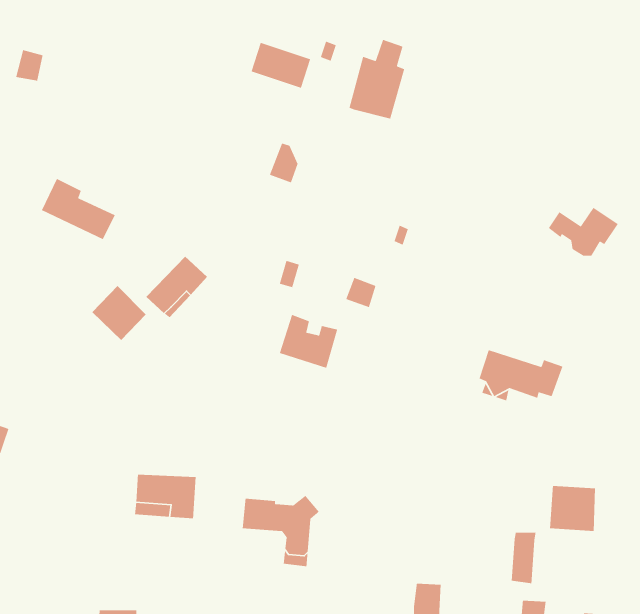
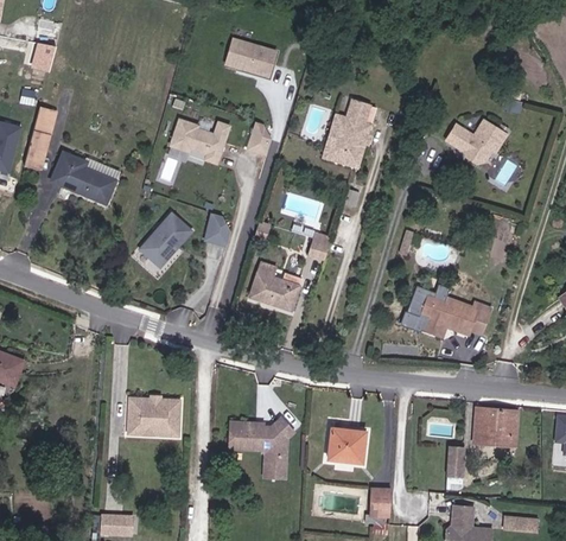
building: [348,39,405,120] -> [326,101,374,168]
building: none -> [25,103,59,167]
building: none -> [167,113,228,159]
building: [548,207,619,257] -> [449,122,508,164]
building: none -> [202,211,231,246]
building: [91,285,147,341] -> none
building: none -> [323,424,371,464]

